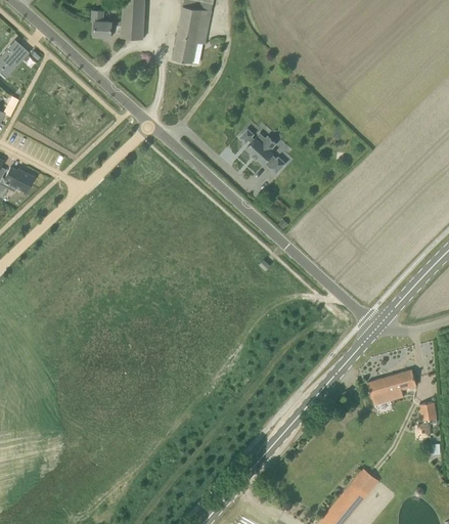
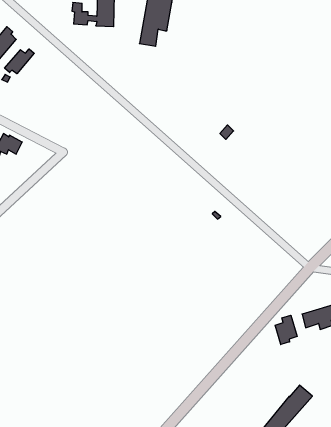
building: none -> [5,49,34,74]
building: [239,130,276,166] -> none
building: none -> [275,315,297,345]

